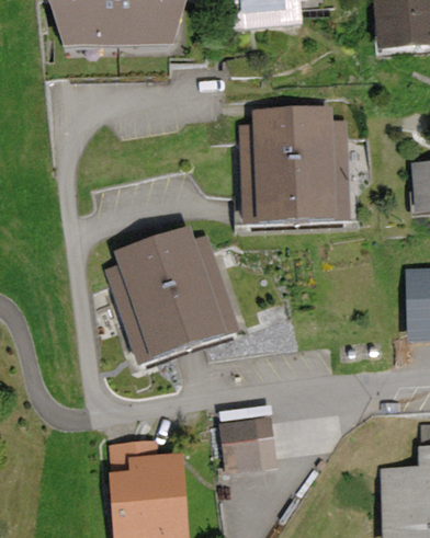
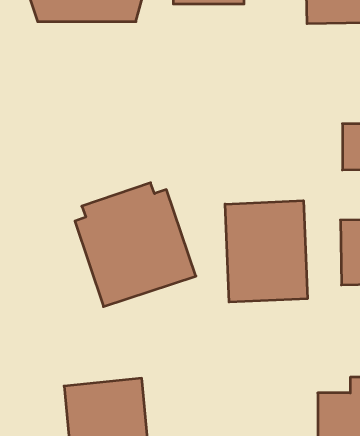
building: [241,106,352,222] -> none
building: none -> [225,201,307,302]
building: [234,415,281,470] -> none

